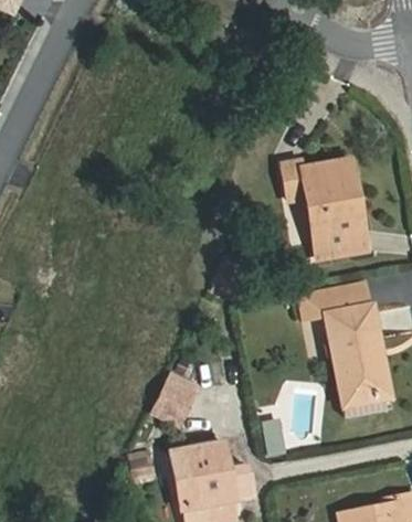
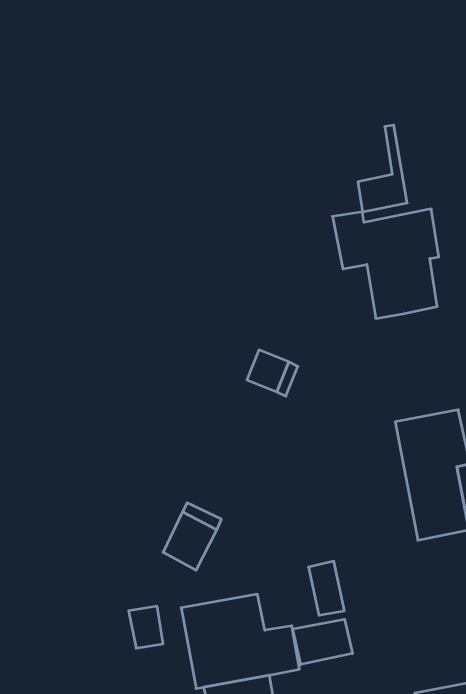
building: [331,193,368,257] -> [358,125,407,212]
building: [294,283,372,320] -> none
building: none -> [293,619,353,665]

